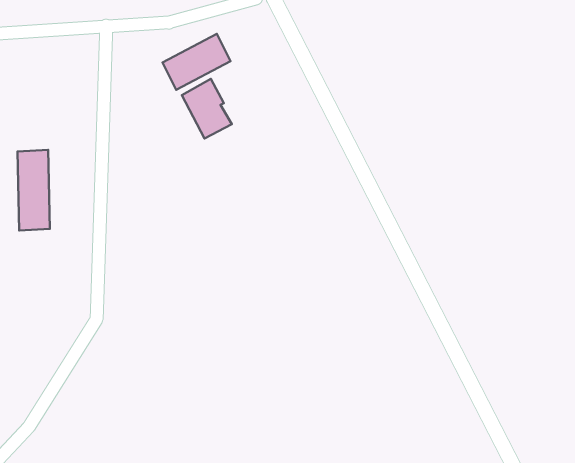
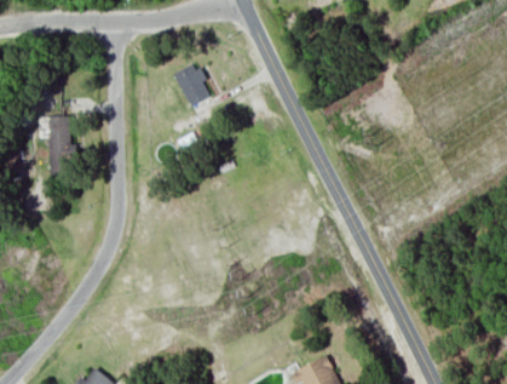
building: [163,34,230,90] -> none

